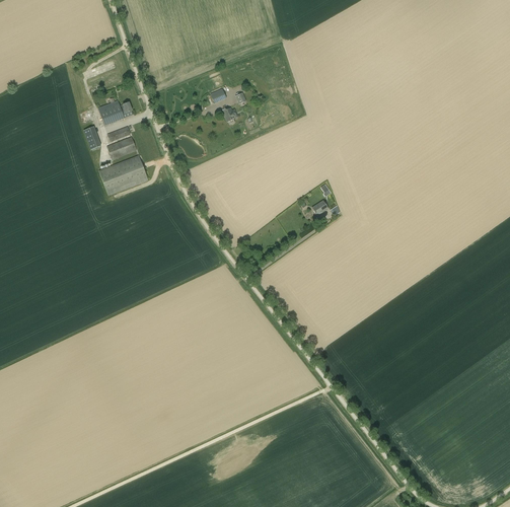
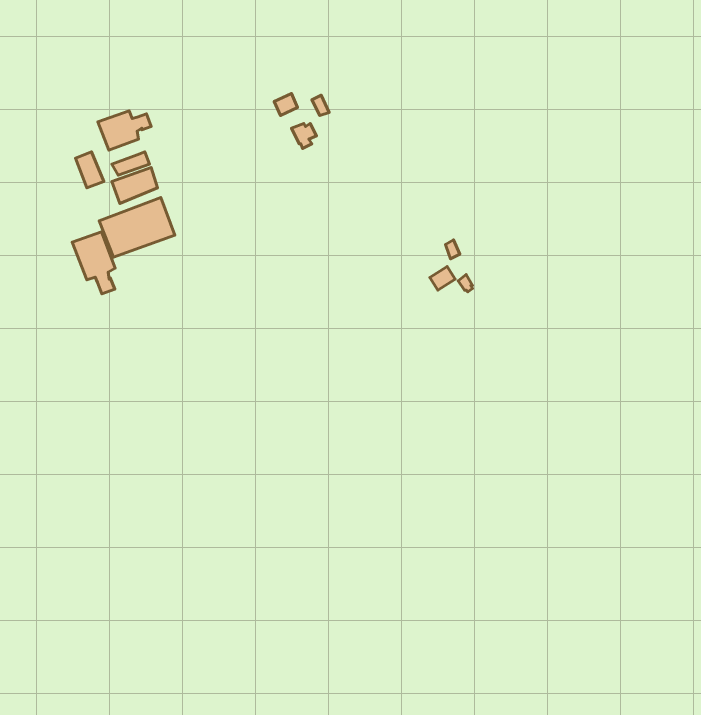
building: none -> [72,232,115,294]

